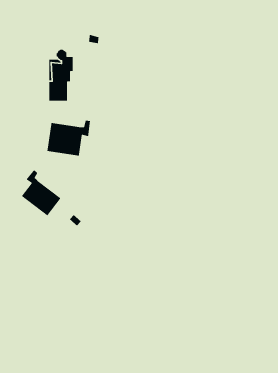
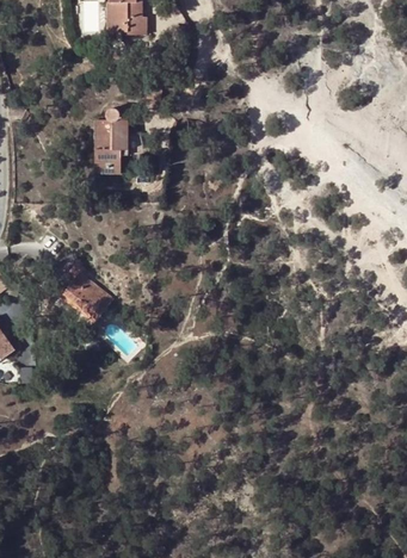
building: [46,120,91,156] -> none

